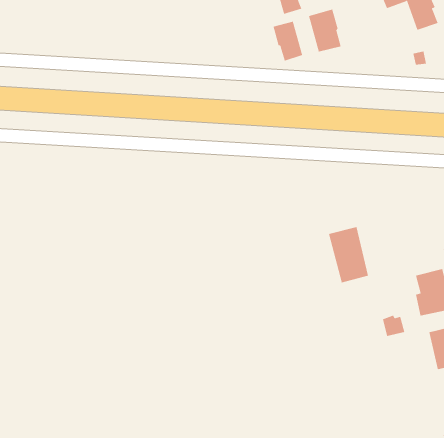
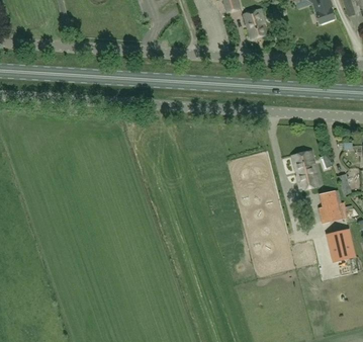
building: [273,21,303,61] -> none
building: [328,227,369,283] -> [291,151,320,190]

